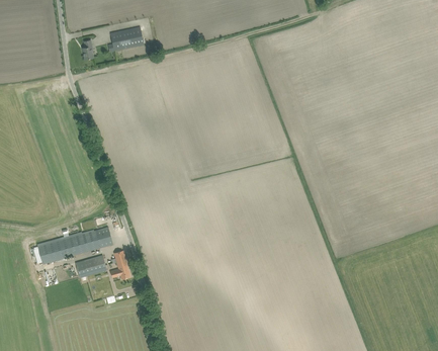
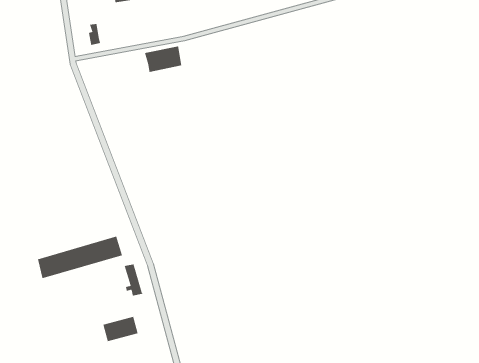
building: [109,27,143,51] -> [144,46,182,72]
building: [75,255,106,277] -> [103,316,138,342]

